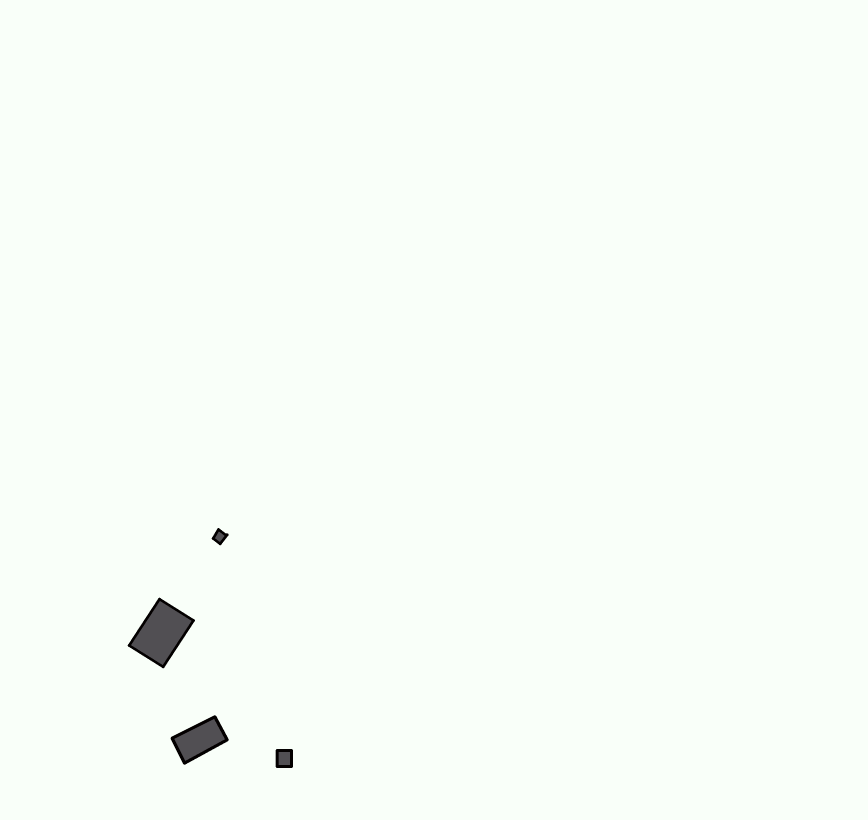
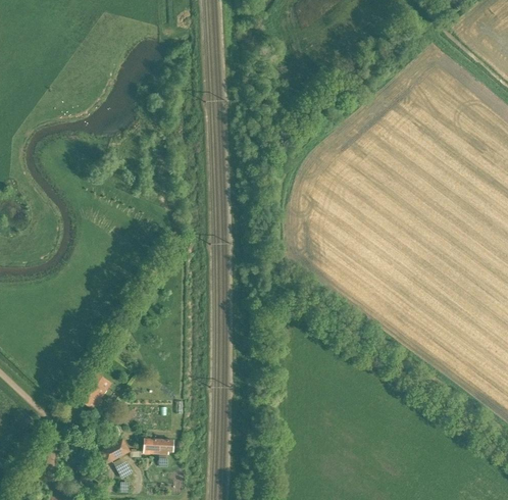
building: none -> [145,438,174,453]

